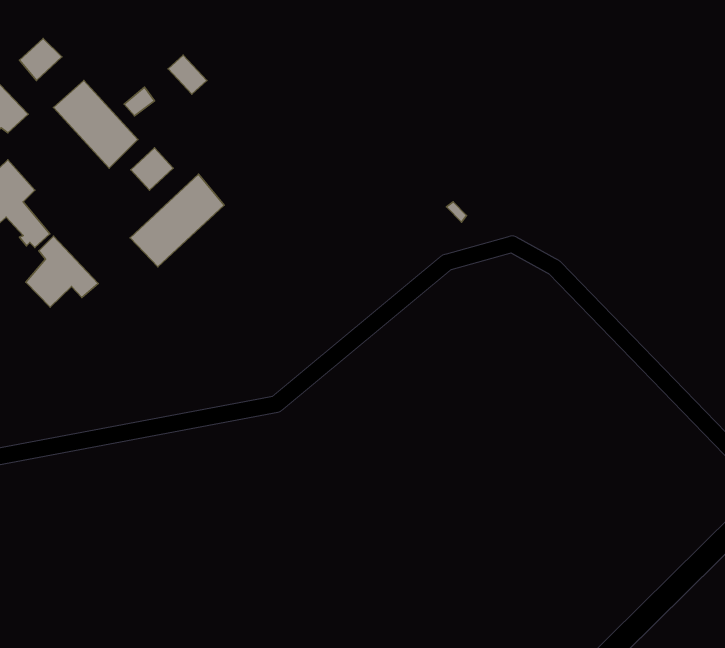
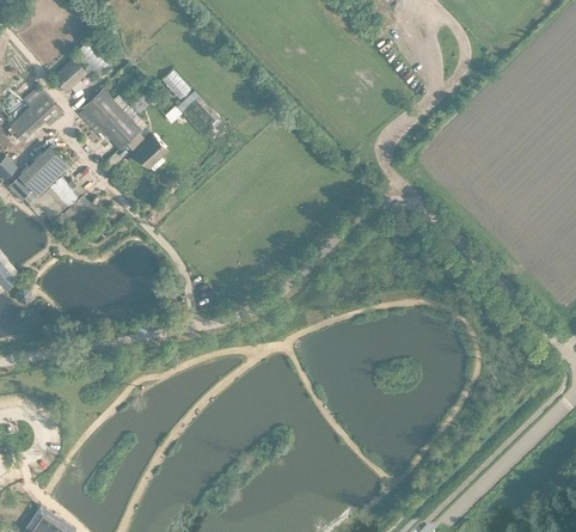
building: [130,174,224,267] -> none
building: [26,236,98,307] -> none

